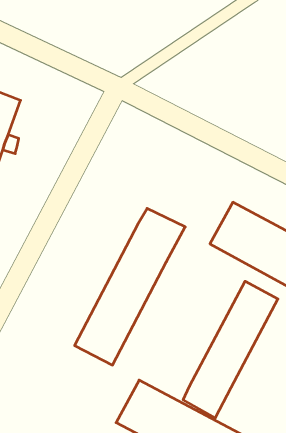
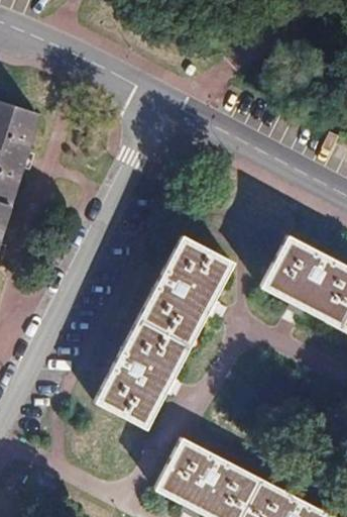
building: [183,281,278,418] -> none

